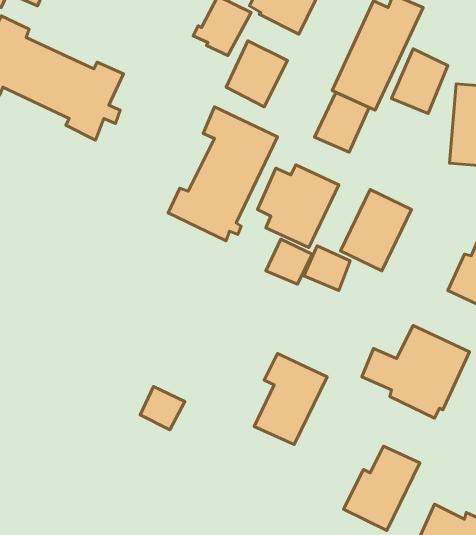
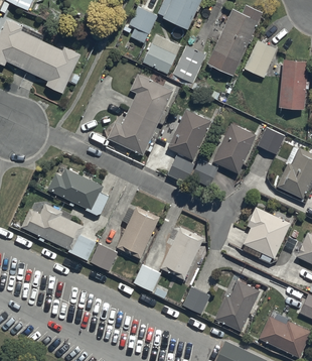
building: [314,93,369,152] -> [172,45,205,82]
building: none -> [257,128,284,153]
building: none -> [46,167,108,217]
building: none -> [20,202,96,260]
building: none -> [116,206,158,257]
building: none -> [133,263,161,291]
building: none -> [180,286,209,315]

